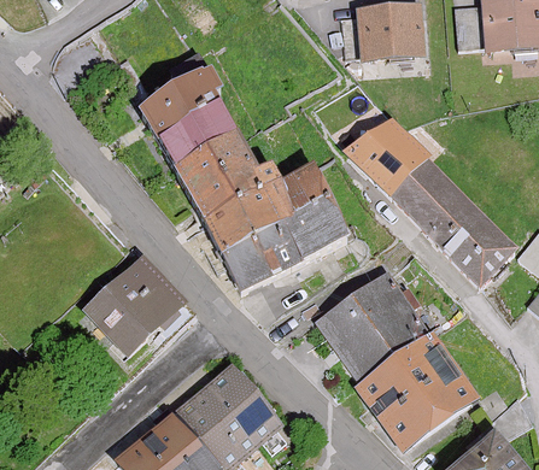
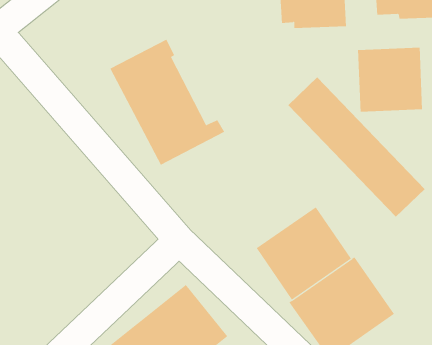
building: none -> [358,47,422,113]
building: [203,165,348,292] -> none
building: [82,254,186,358] -> none

